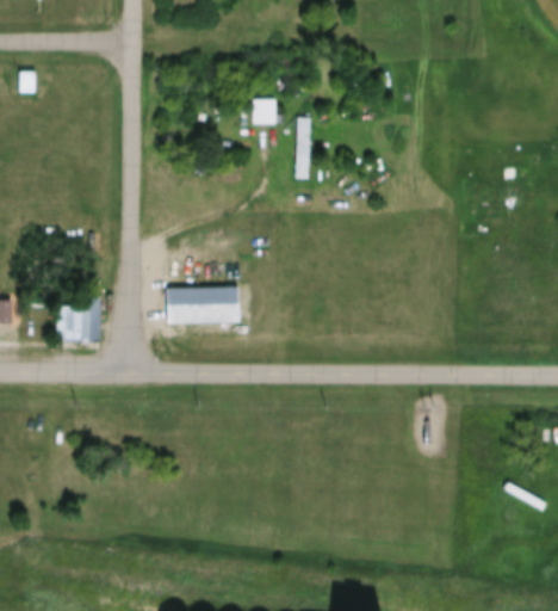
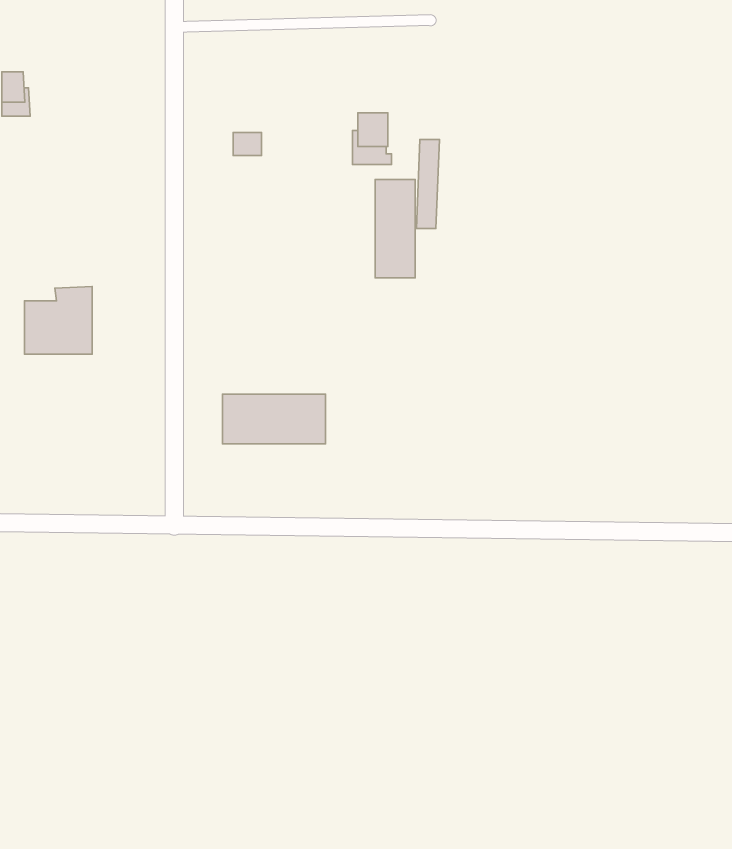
building: none -> [375,180,415,278]
building: [55,295,100,340] -> [24,286,92,354]

